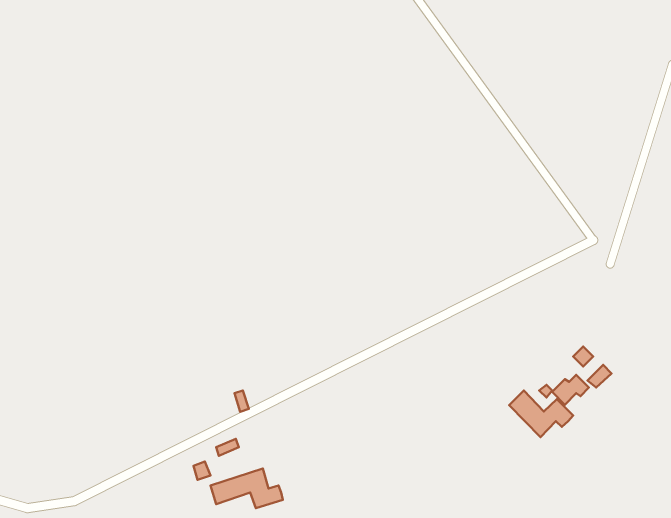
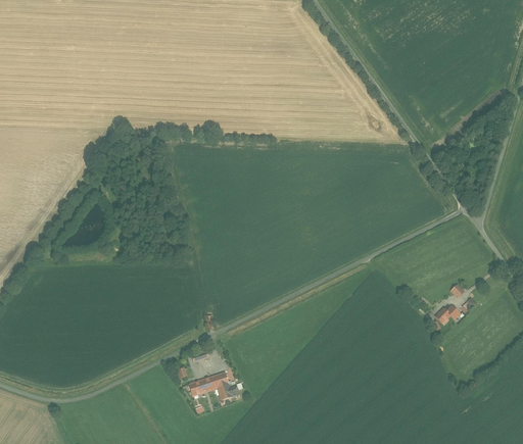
building: [509,390,573,437] -> none

